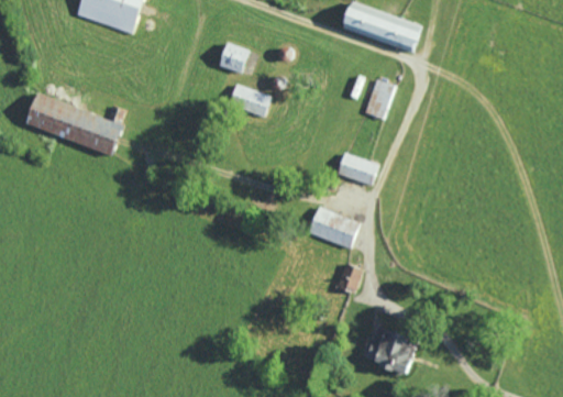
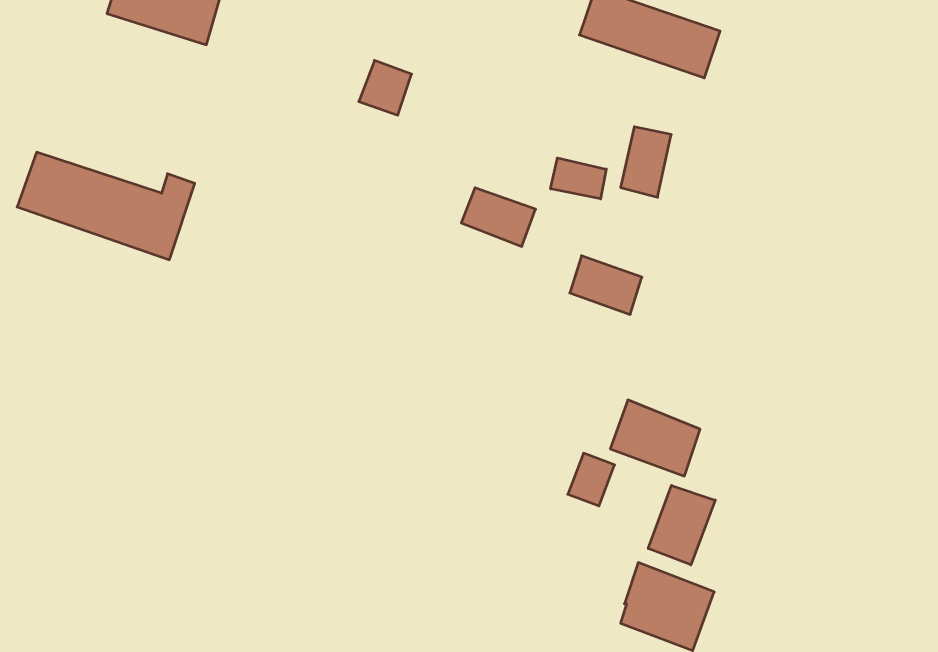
building: [228,84,269,117] -> [461,188,536,246]
building: none -> [551,158,606,199]
building: [308,206,358,249] -> [610,400,700,476]
building: none -> [648,485,715,565]

